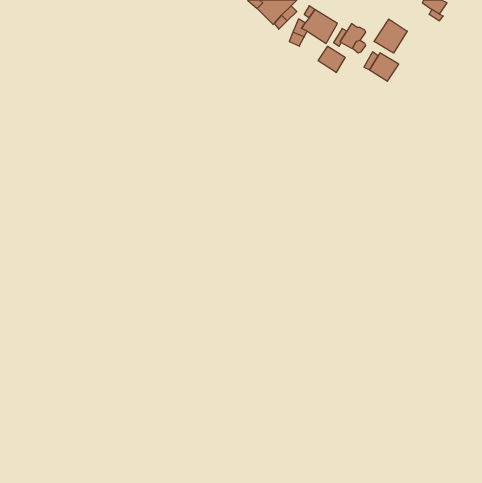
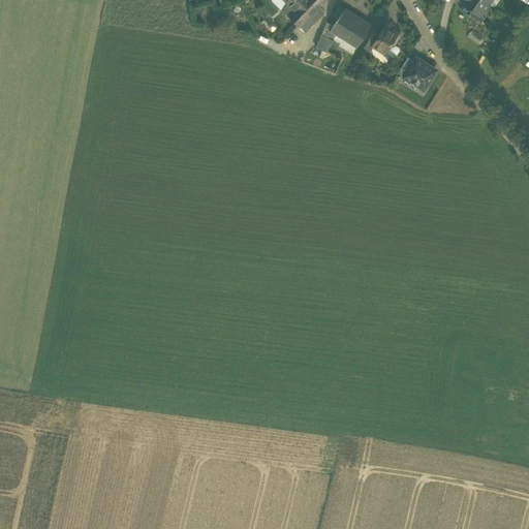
building: [374,19,407,53] -> none
building: [318,46,345,73] -> none

